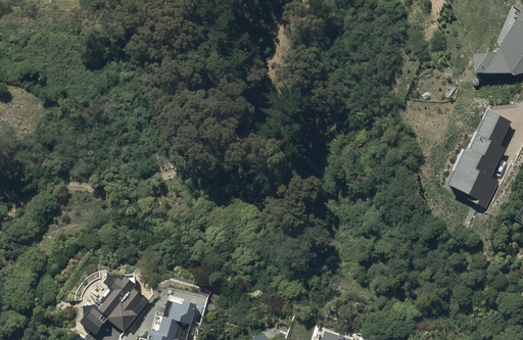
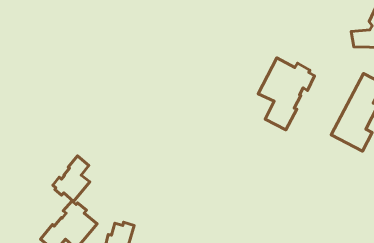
building: none -> [258,58,314,130]
building: none -> [53,156,90,201]

